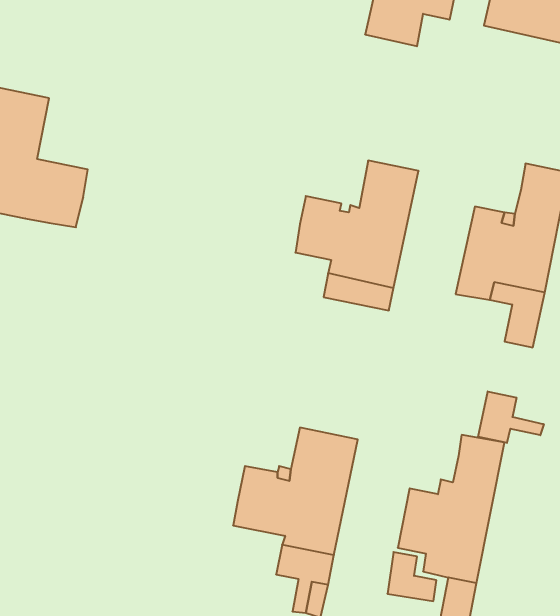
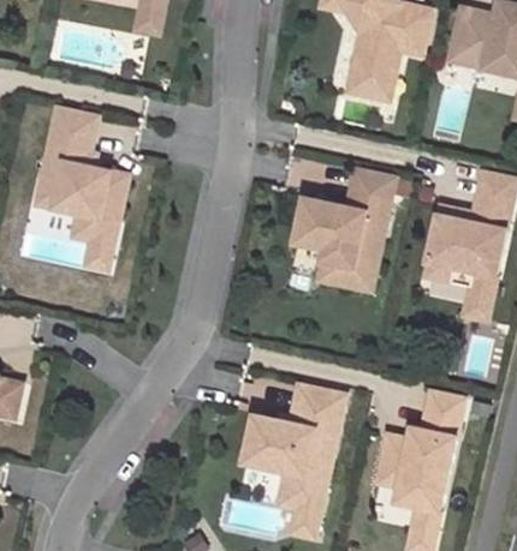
building: none -> [345,66,393,100]
building: none -> [71,215,117,270]
building: [478,391,544,443] -> none

